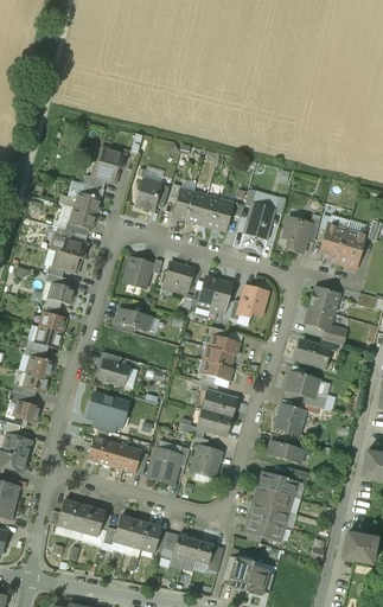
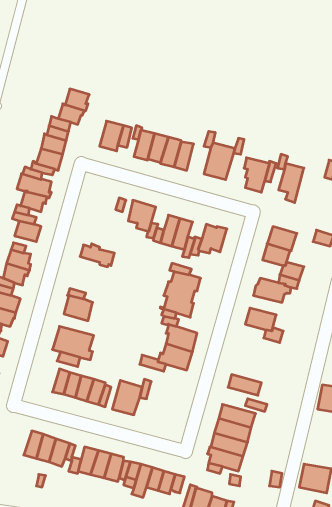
building: [337,228,364,266] -> none
building: [125,256,151,287] -> none
building: [274,404,305,434] -> none
building: [190,445,221,478] -> none

